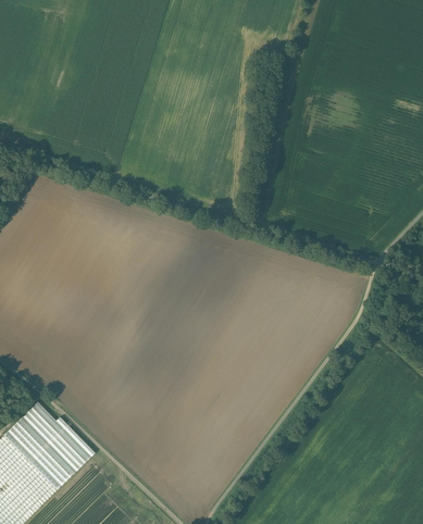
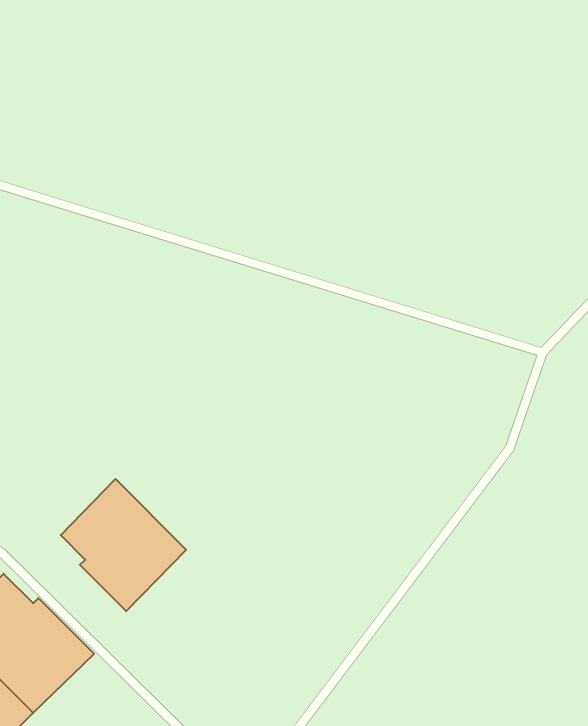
building: none -> [61,479,186,611]

